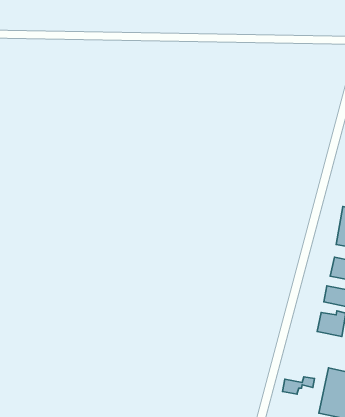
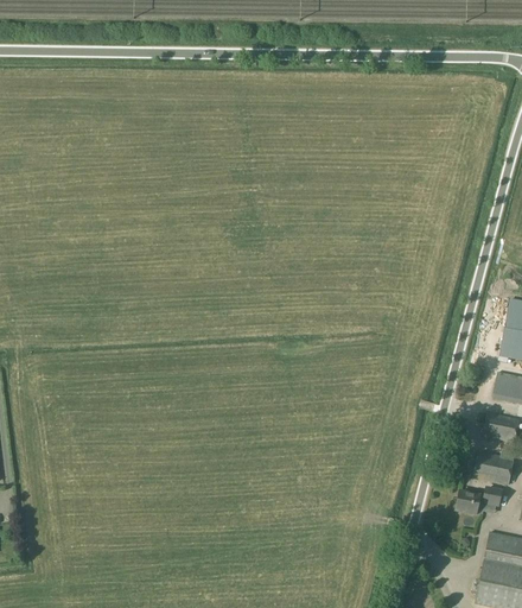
building: [282,377,315,394] -> [456,488,502,513]

